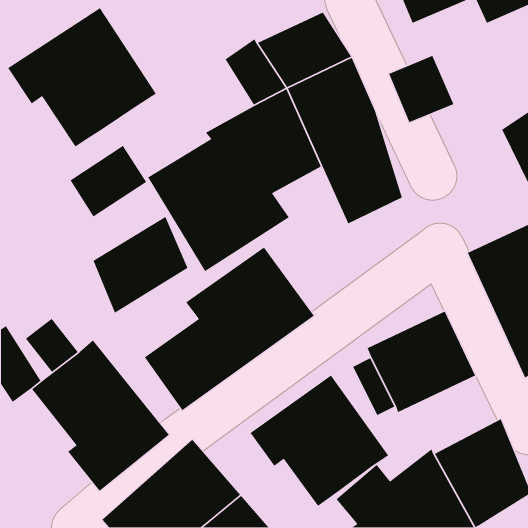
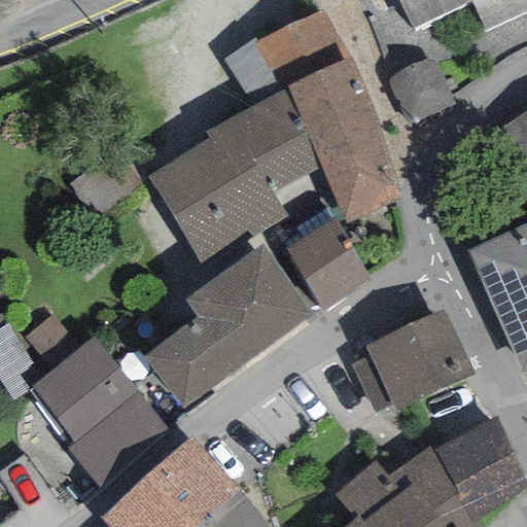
building: [7,7,157,148] -> none
building: [92,216,189,314] -> none
building: none -> [287,218,370,312]
building: [249,375,389,507] -> none

